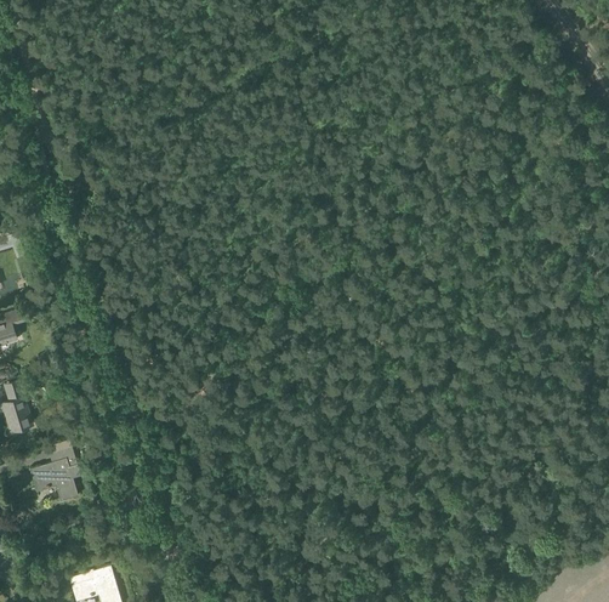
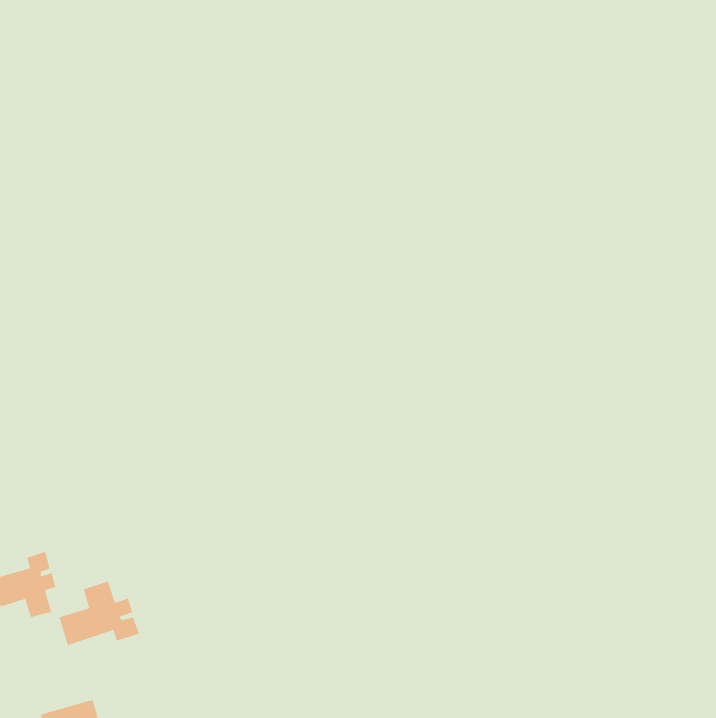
building: none -> [58,581,140,646]

